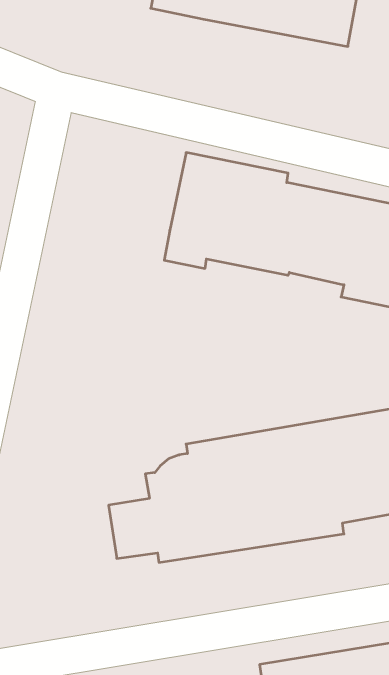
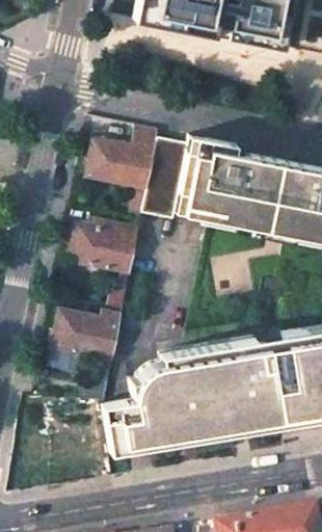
building: none -> [87,126,161,189]
building: none -> [71,220,141,273]
building: none -> [53,310,124,360]

